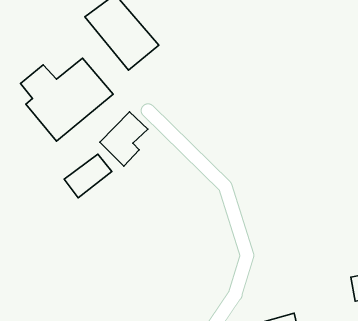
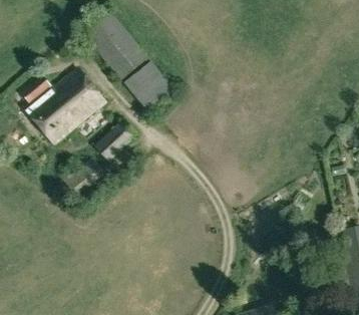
building: none -> [123,60,173,111]

